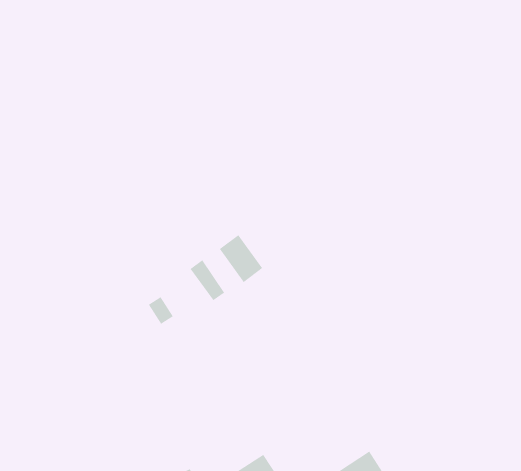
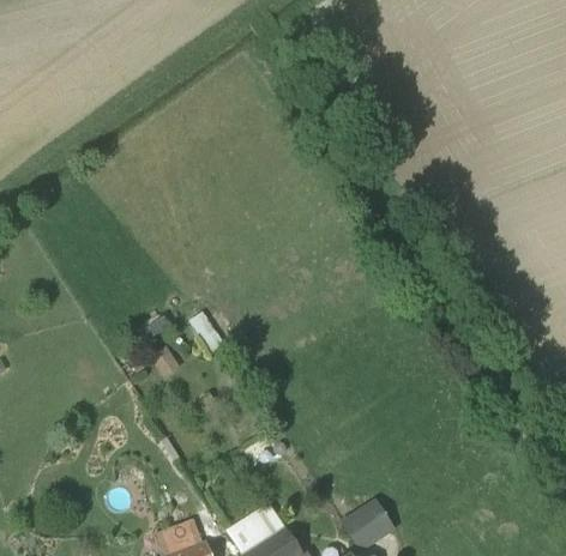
building: [219,234,263,283] -> none

